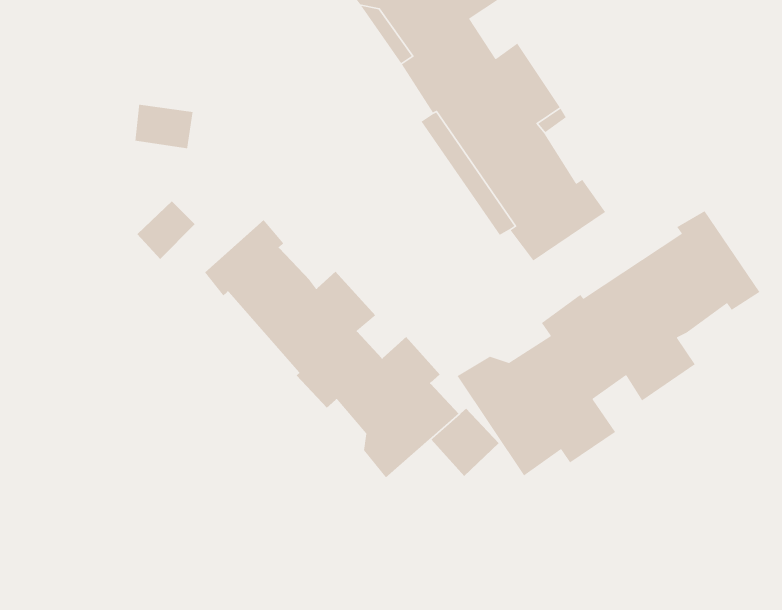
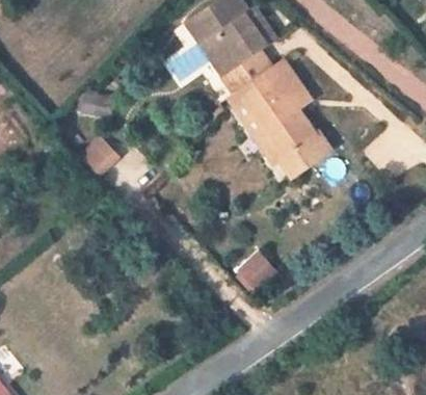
building: [457,210,760,476] -> none
building: [204,219,459,478] -> none

